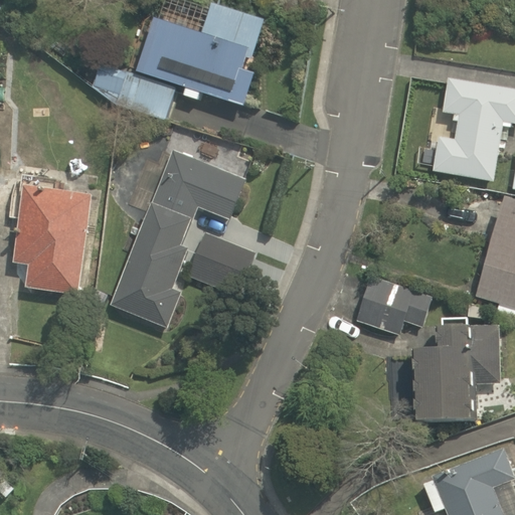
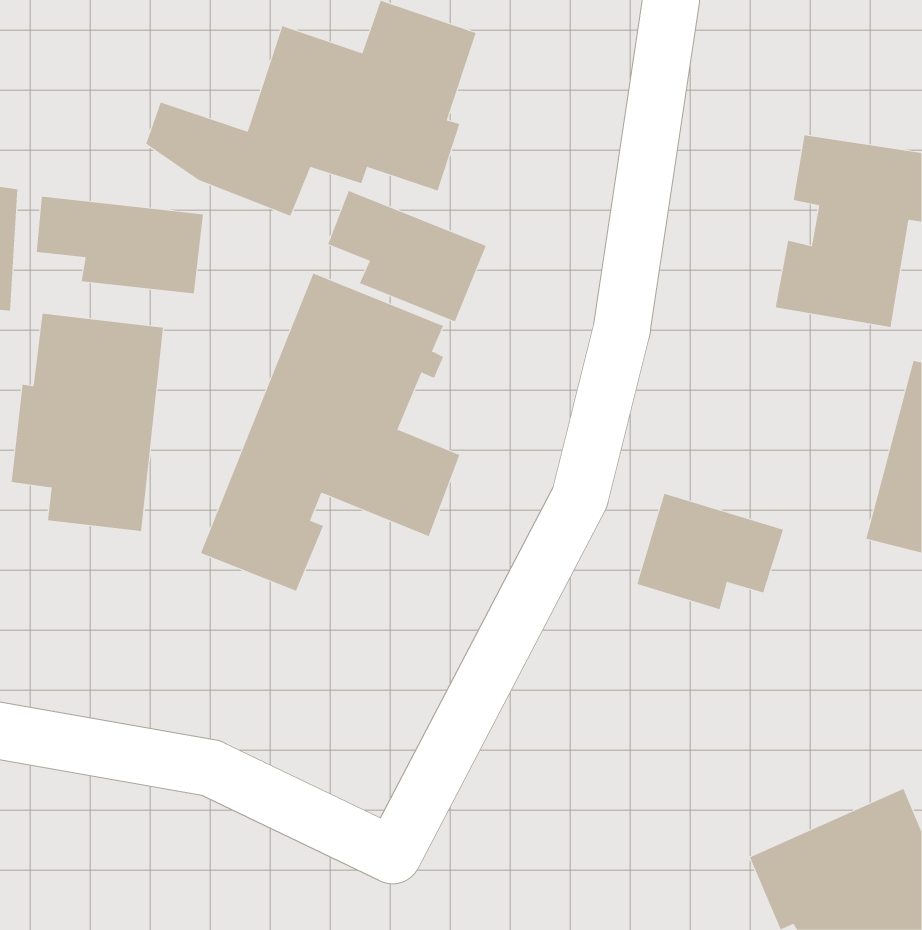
building: none -> [328,190,486,322]
building: none -> [36,196,203,294]
building: [383,323,501,424] -> none

